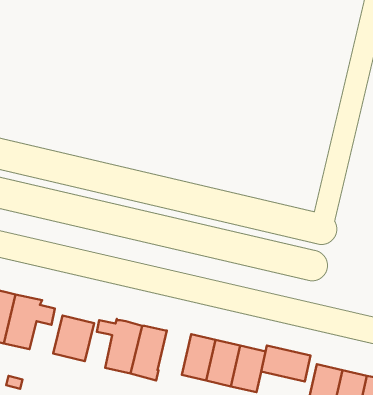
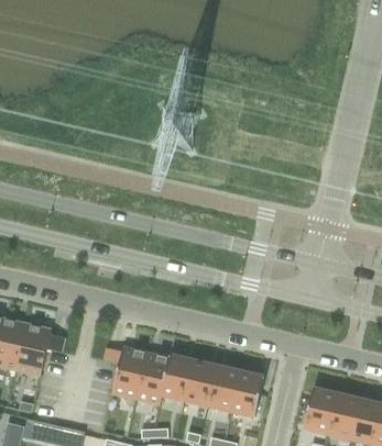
building: [53,315,94,361] -> none
building: none -> [161,355,193,399]
building: [261,346,310,381] -> none

